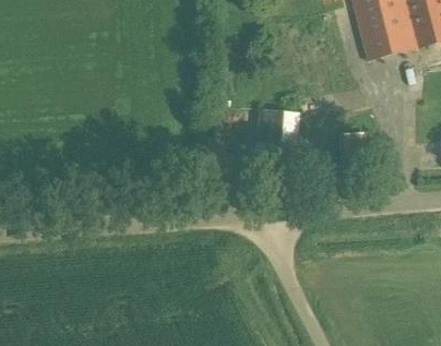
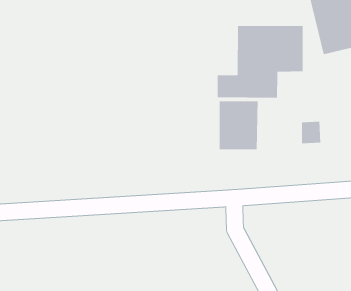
building: none -> [217,25,303,98]

